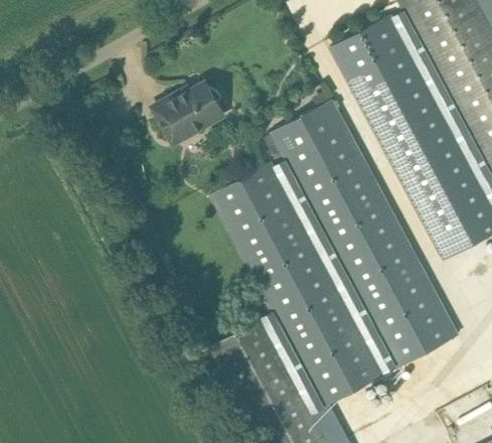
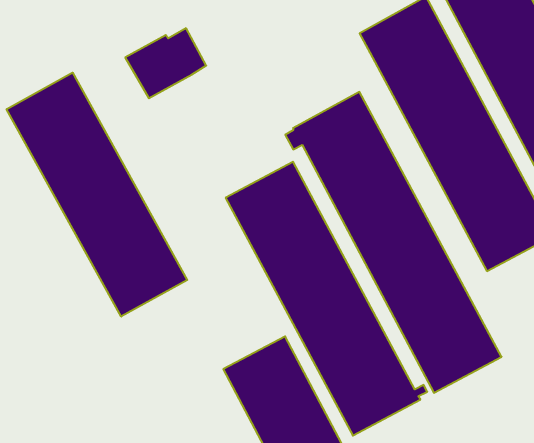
building: [153,81,225,143] -> [125,28,206,98]
building: none -> [7,73,187,317]

